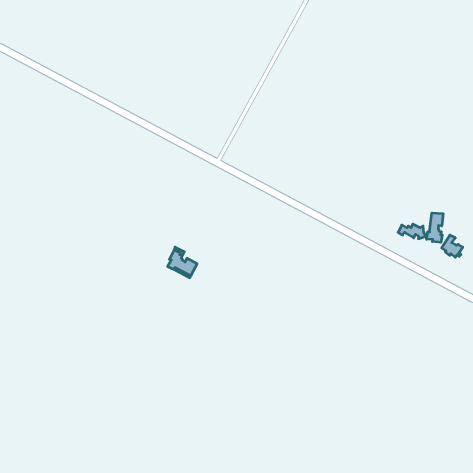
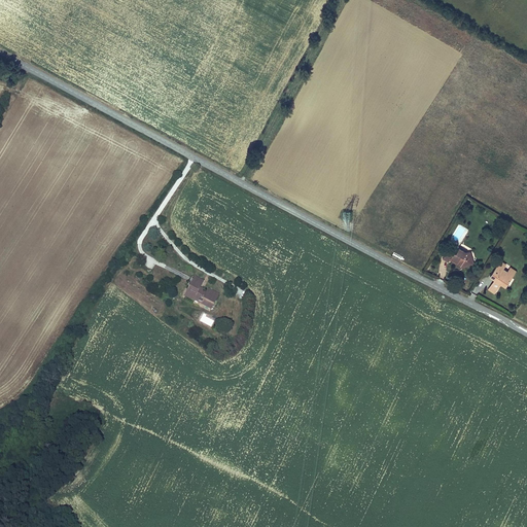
building: [427,213,443,242] -> none

